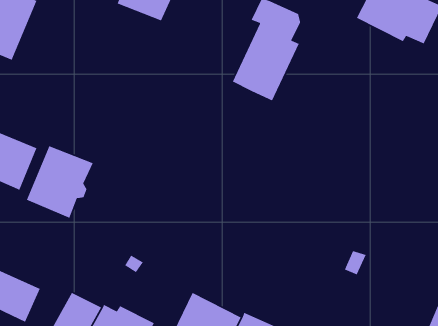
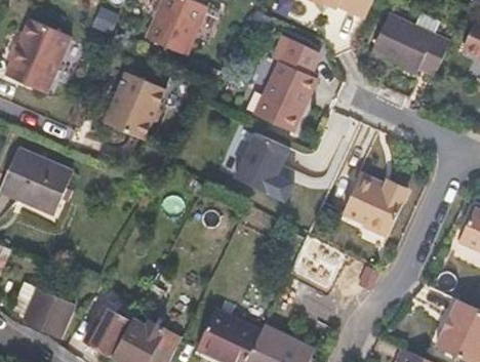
building: none -> [235,132,293,201]
building: [26,145,94,219] -> [103,73,166,142]
building: none -> [341,172,410,234]

